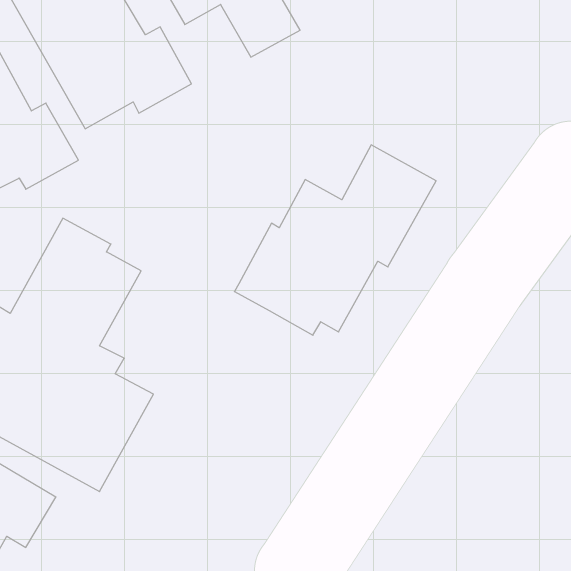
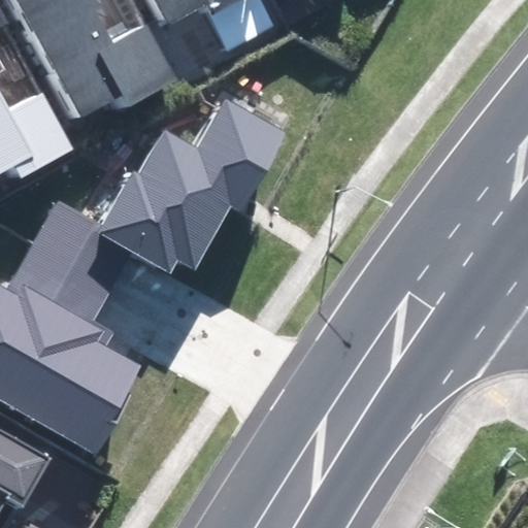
building: [234,145,436,335] -> [98,97,284,272]

